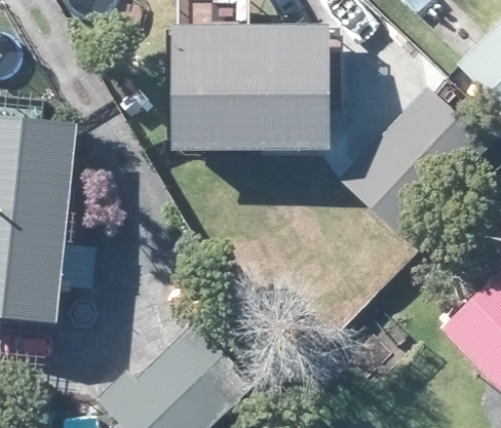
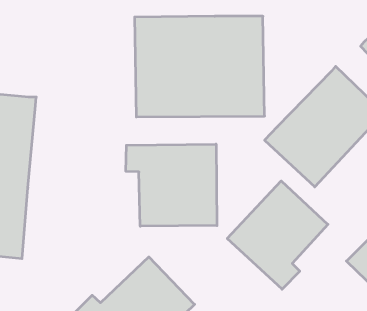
building: none -> [126,144,217,226]
building: none -> [227,181,328,289]

